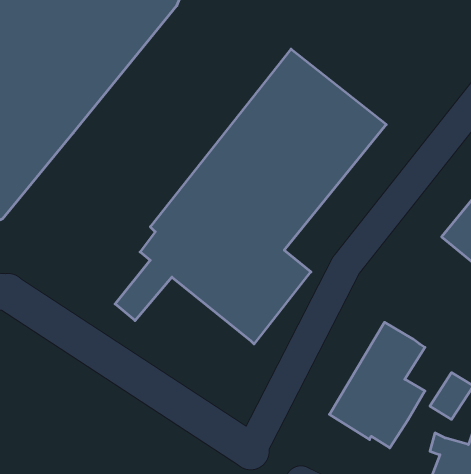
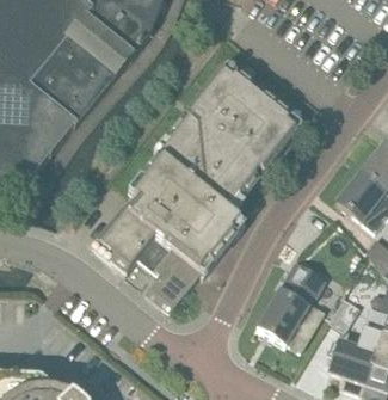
building: none -> [115,227,201,309]

